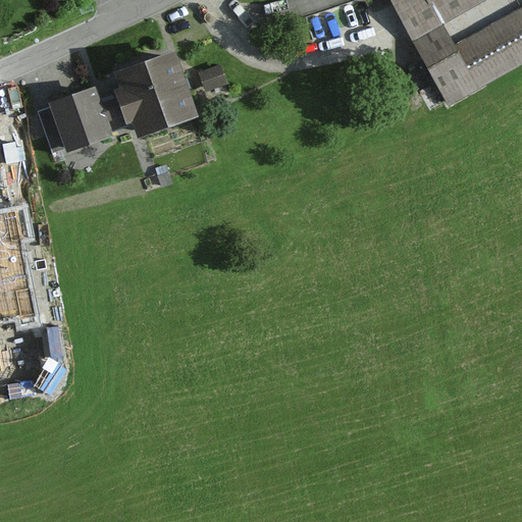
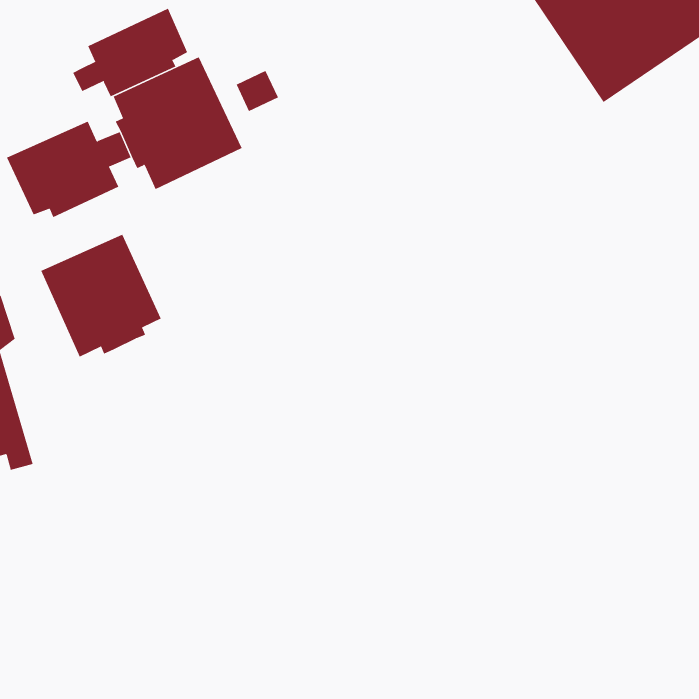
building: none -> [73,8,188,97]
building: none -> [41,234,161,357]

